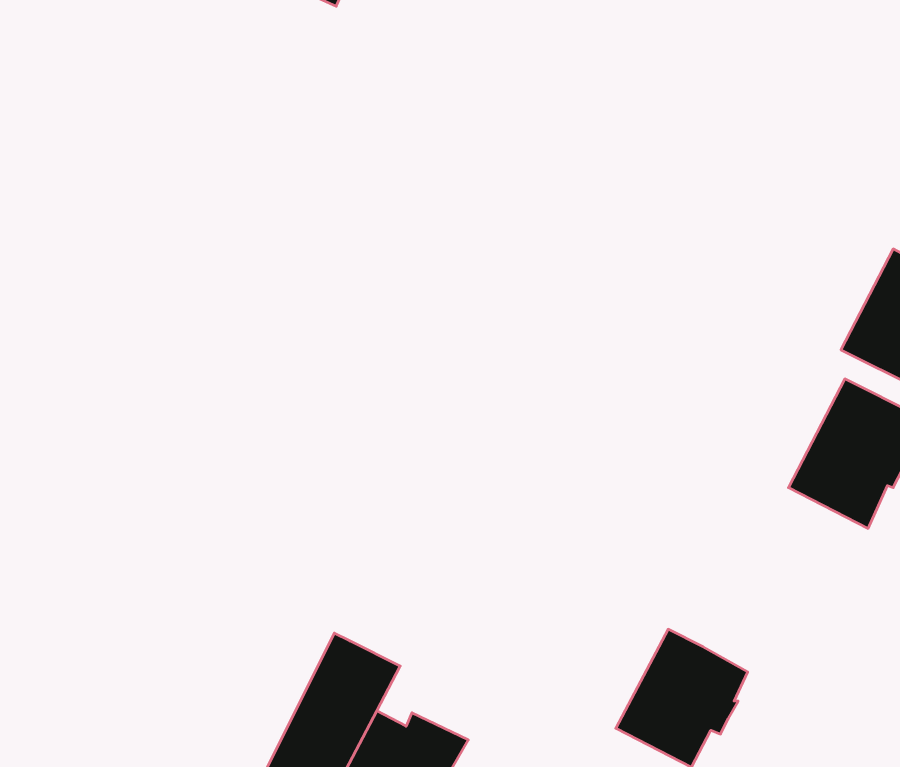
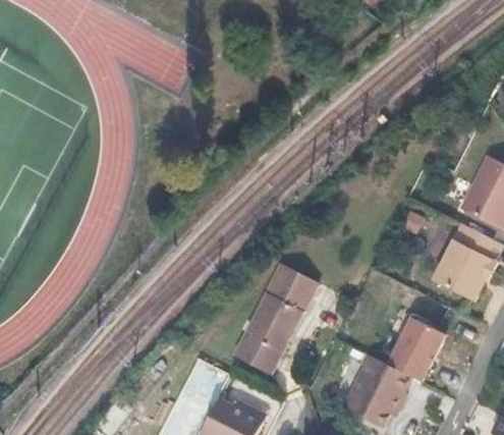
building: none -> [230,263,313,373]
building: none -> [391,317,448,381]

